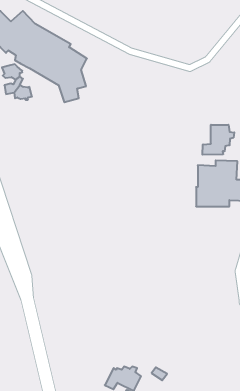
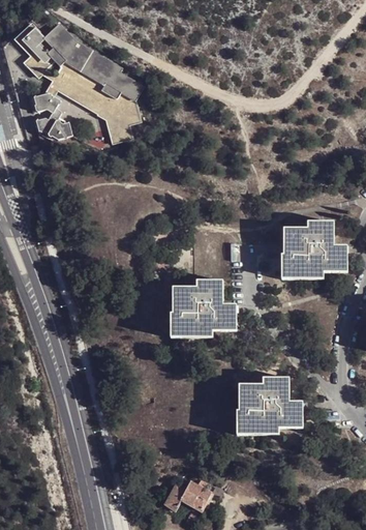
building: [202,125,234,155] -> none
building: none -> [170,278,237,336]
building: none -> [237,376,304,433]

